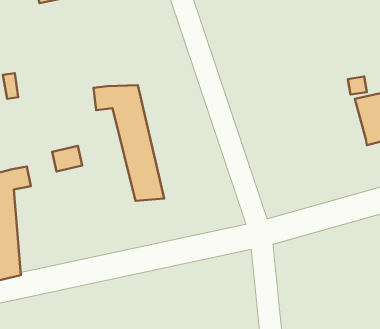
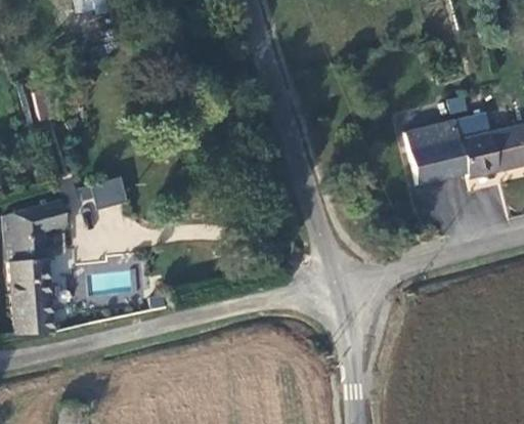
building: [93,85,164,201] -> none
building: none -> [402,121,466,182]

